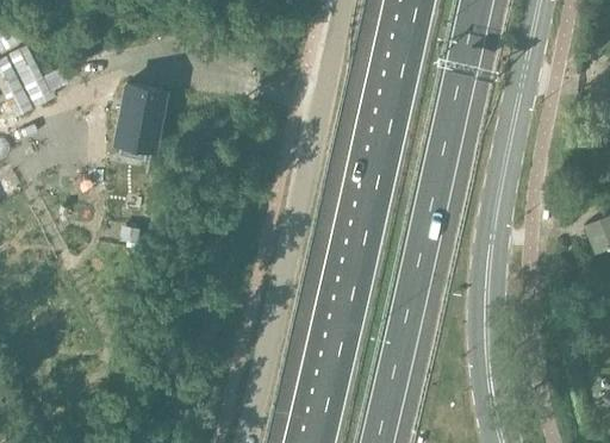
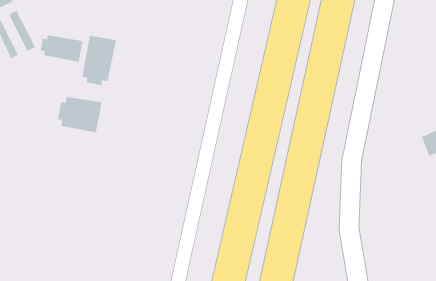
building: none -> [40,35,83,62]
building: none -> [58,96,102,133]

